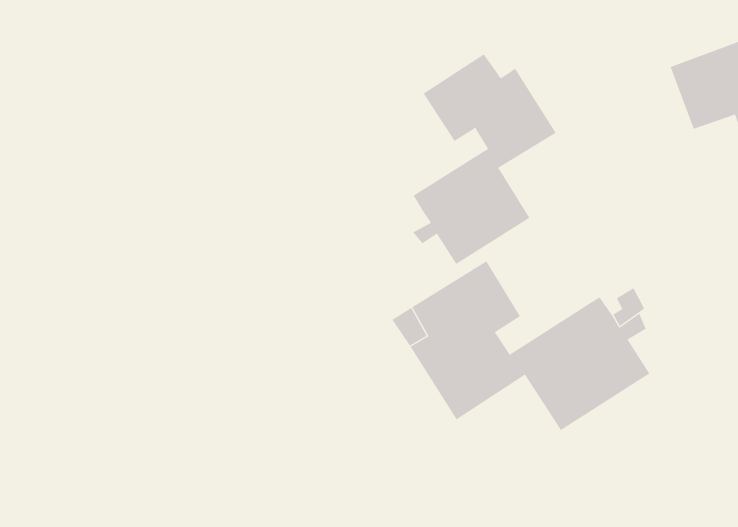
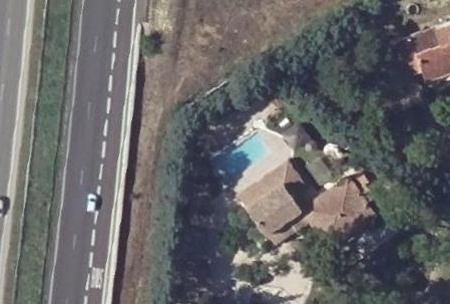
building: [412,54,557,265] -> none

